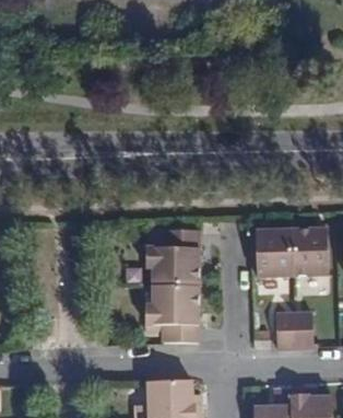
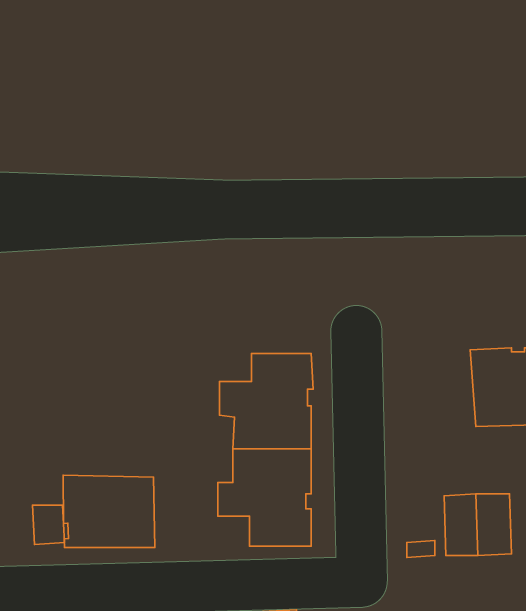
building: [257,228,295,275] -> none
building: none -> [63,475,155,548]

